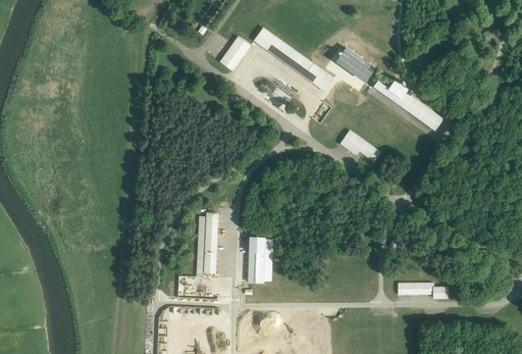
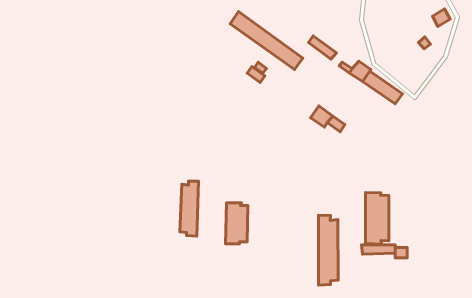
building: [220,37,250,70] -> none
building: none -> [365,193,389,244]
building: none -> [319,215,338,285]

